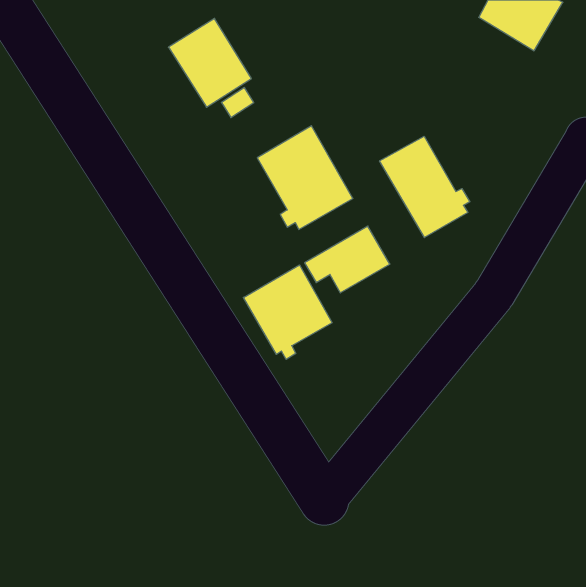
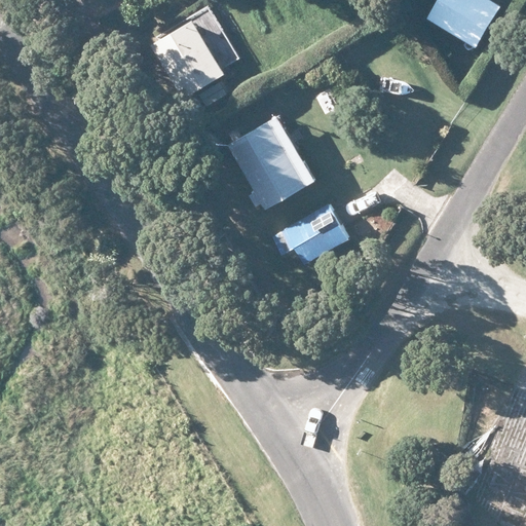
building: [380,136,470,238] -> none
building: [243,265,332,359] -> none

